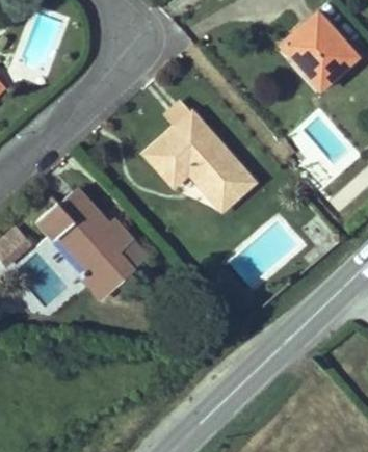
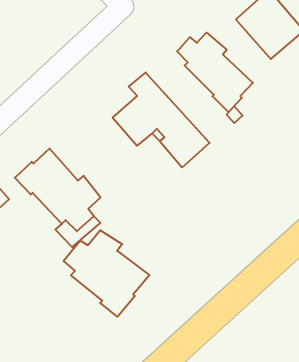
building: none -> [177,33,253,112]
building: none -> [64,230,150,317]

